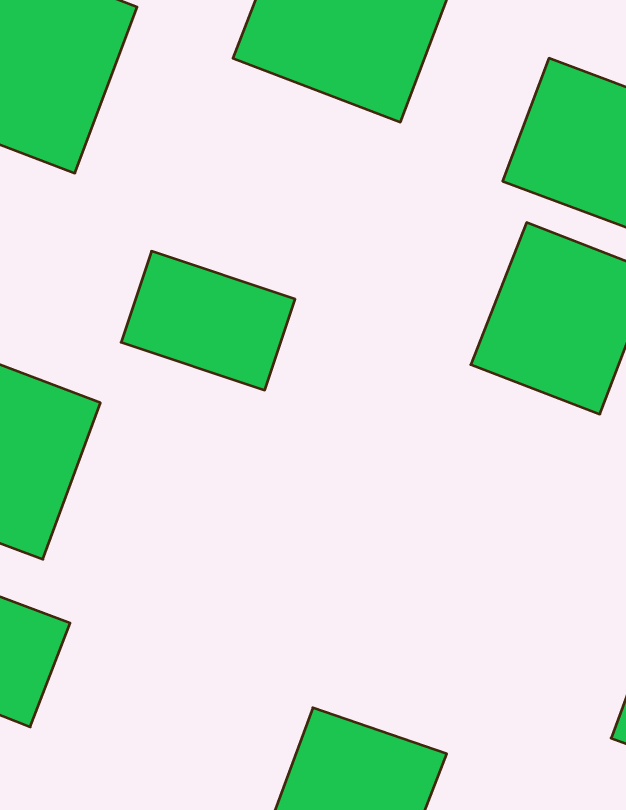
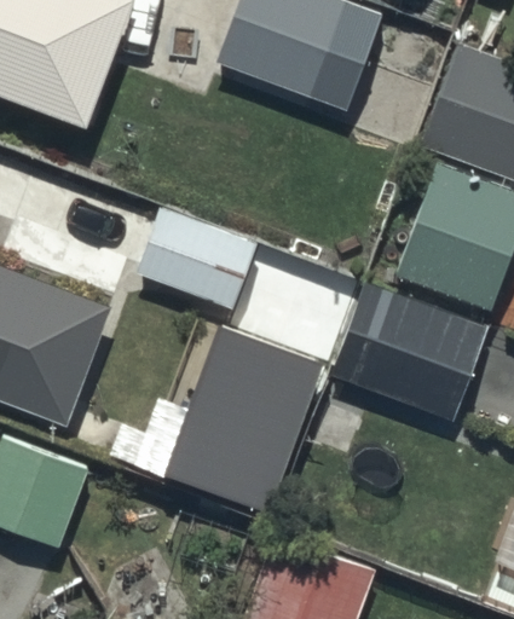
building: none -> [307,282,492,461]
building: none -> [157,308,314,488]

